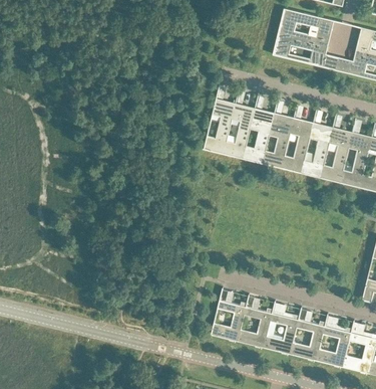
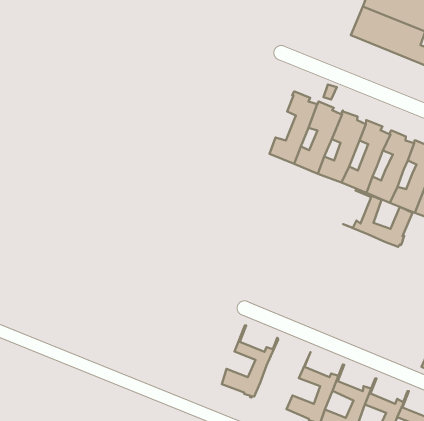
building: [202,98,235,153] -> none
building: none -> [343,190,412,247]
building: [238,294,276,348] -> none

